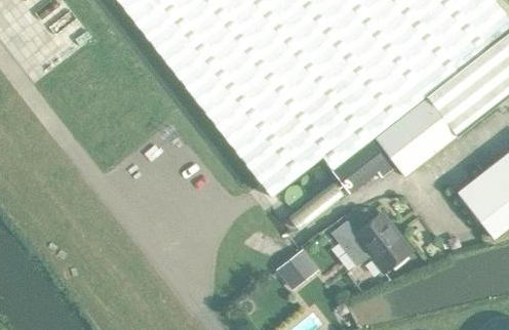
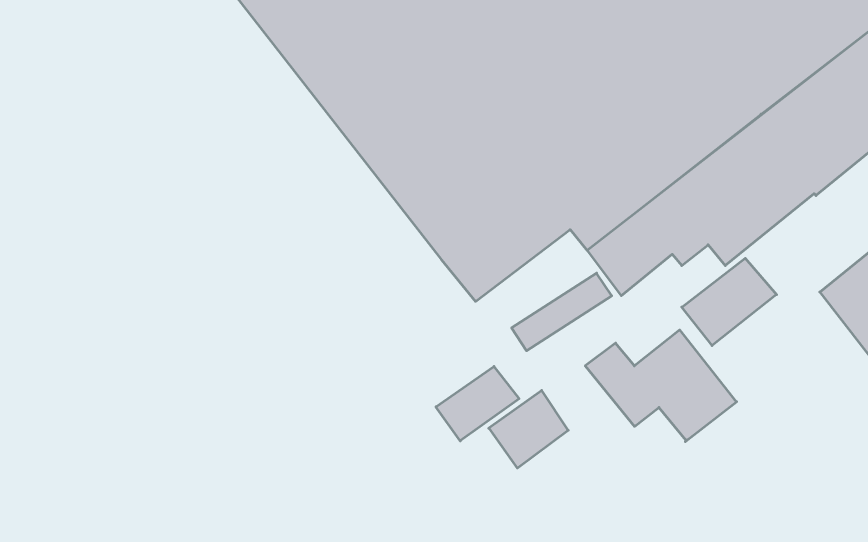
building: none -> [682,258,777,346]
building: none -> [436,366,519,441]

